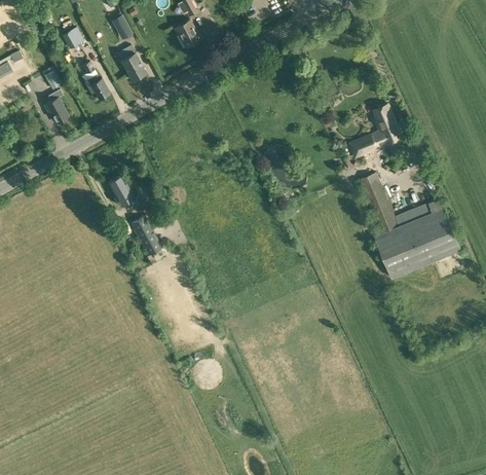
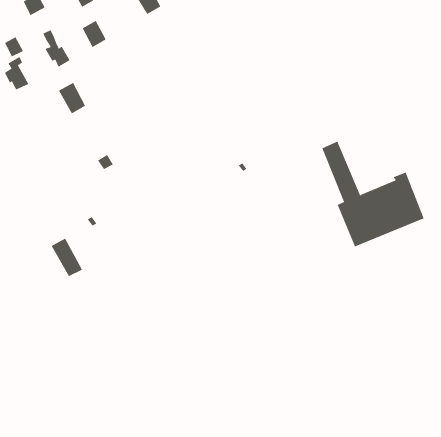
building: [348,104,404,157] -> none
building: [106,174,134,206] -> [58,82,86,114]
building: [129,215,161,254] -> [51,238,83,277]

